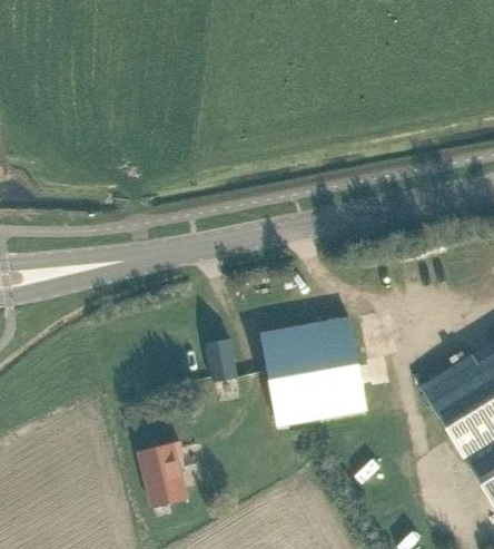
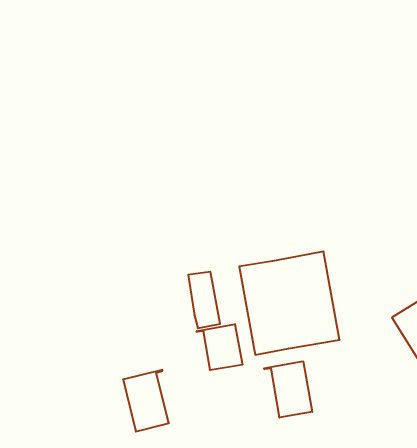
building: none -> [197,324,242,370]
building: none -> [264,361,312,418]

